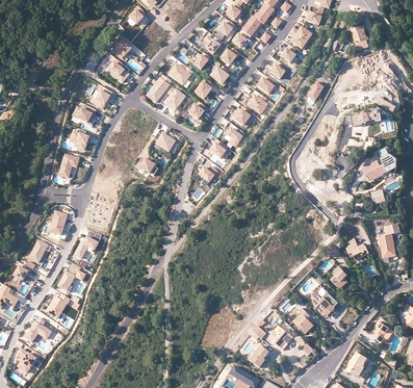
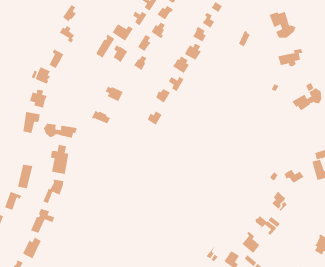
building: none -> [269,11,296,39]
building: none -> [43,123,77,138]

